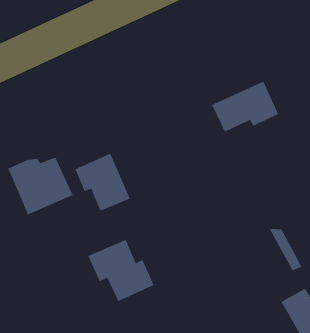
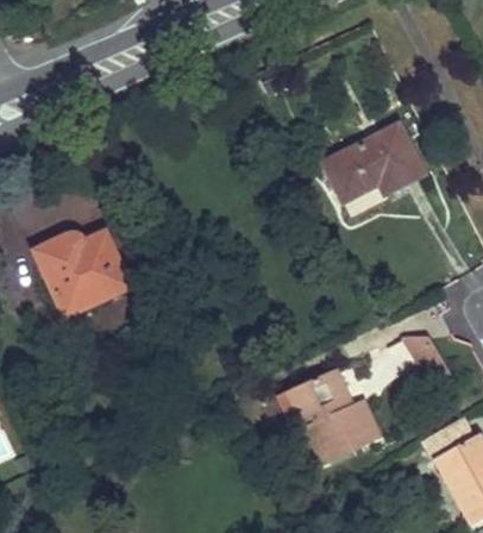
building: [75,153,130,212] -> none
building: [88,239,154,302] -> [283,370,378,459]

